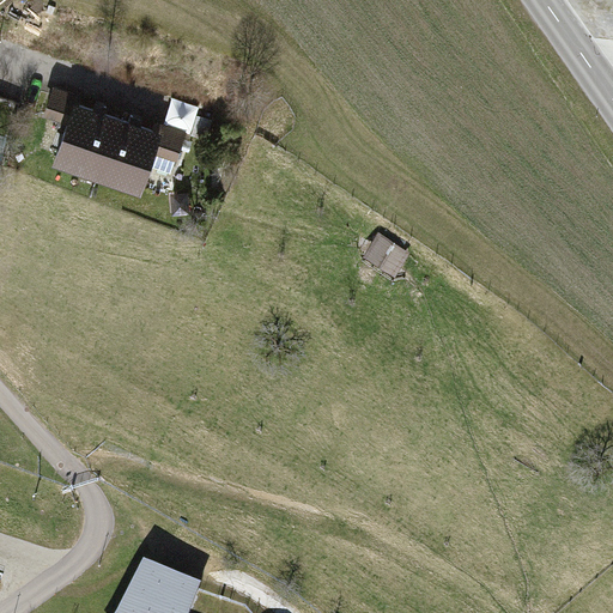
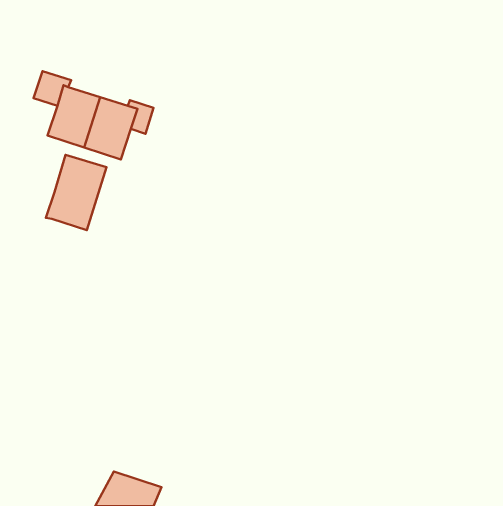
building: none -> [46,155,107,230]
building: [358,232,414,284] -> none

